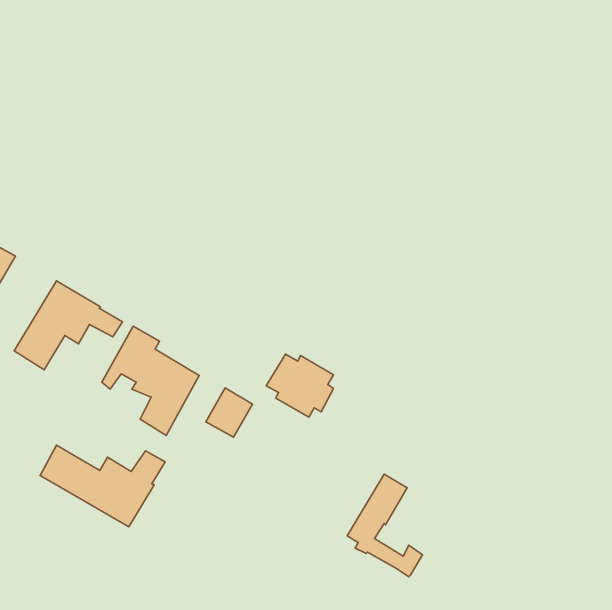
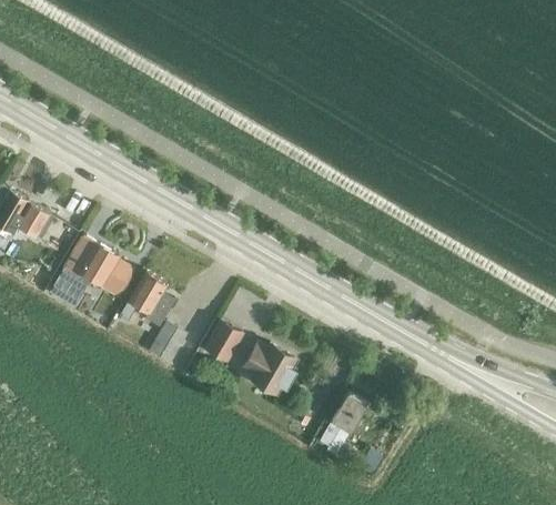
building: [266,354,333,417] -> [242,344,296,395]
building: [40,445,165,527] -> none

